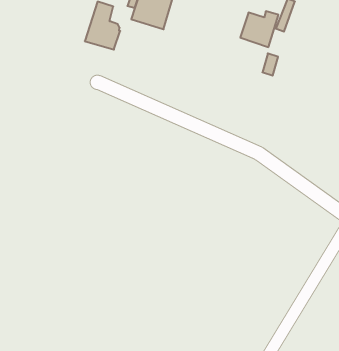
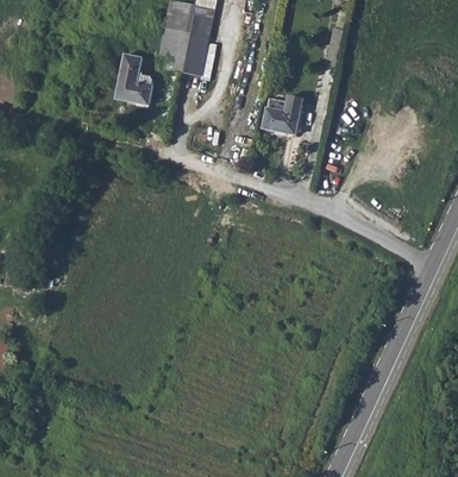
building: [240,11,278,47] -> [262,95,301,134]

